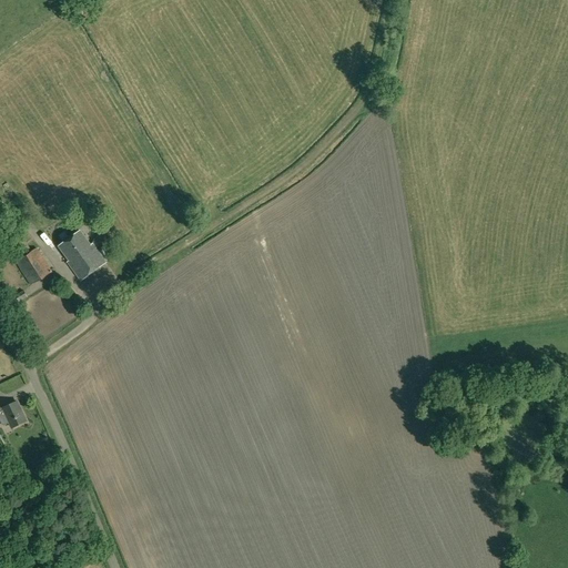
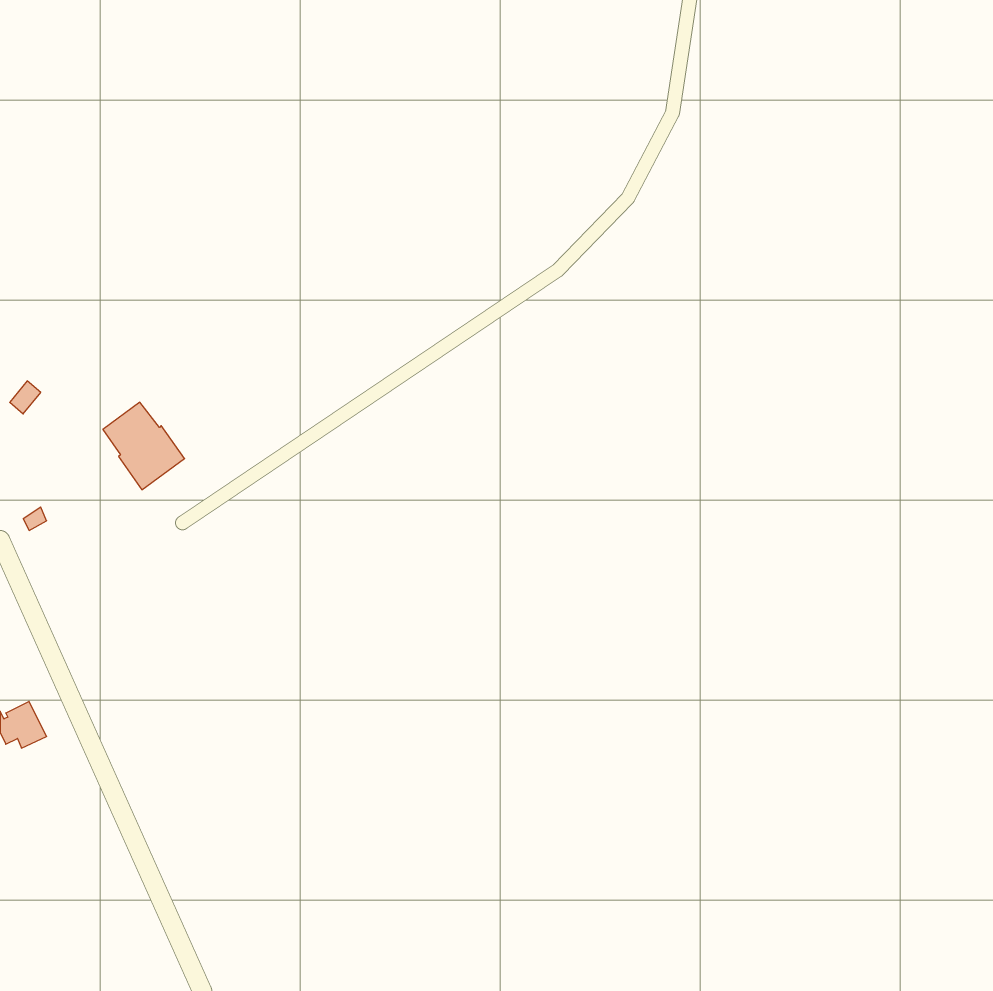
building: [16,247,51,284] -> none

